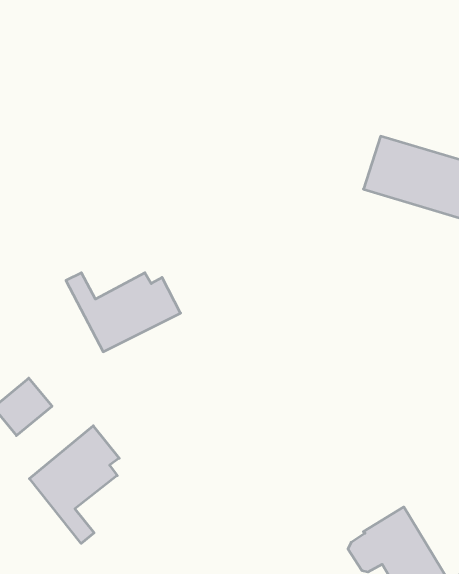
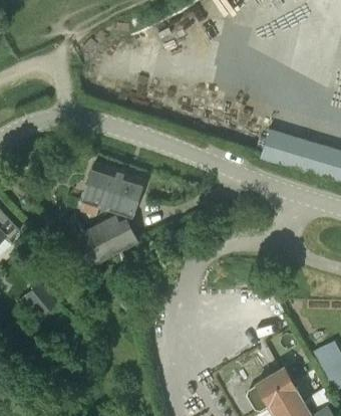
building: none -> [80,164,144,218]
building: [29,426,119,543] -> none

